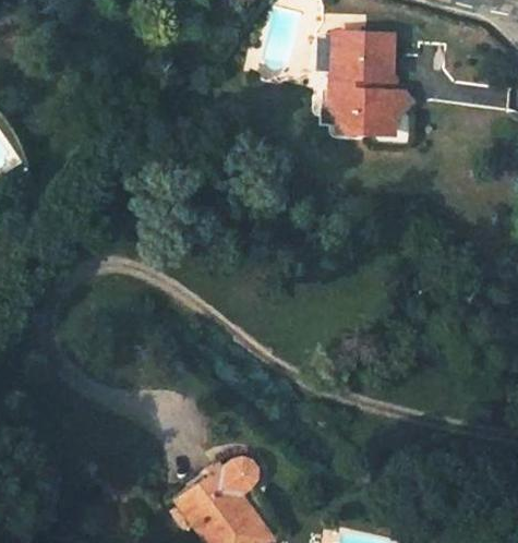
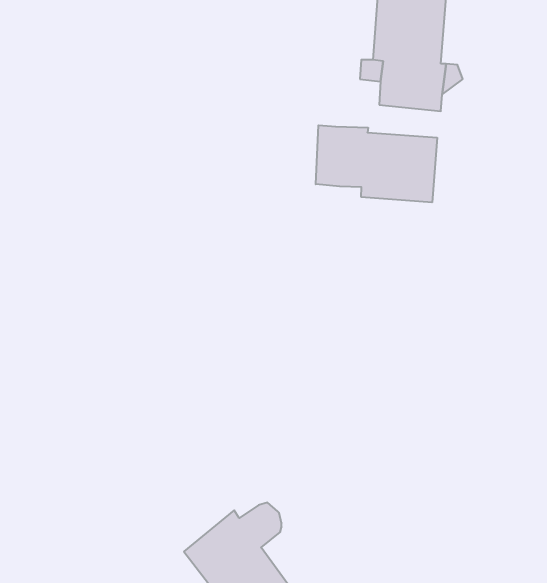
building: none -> [316,125,437,202]

